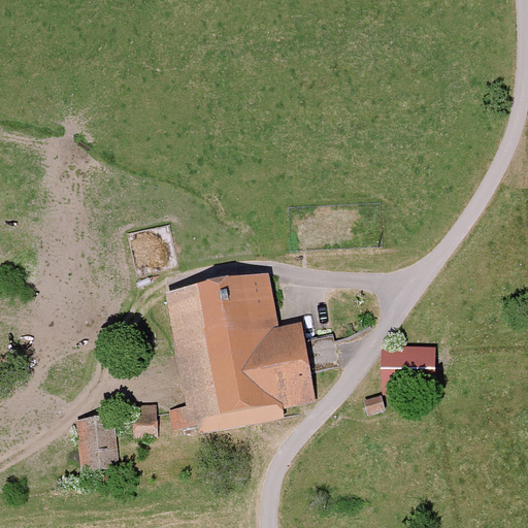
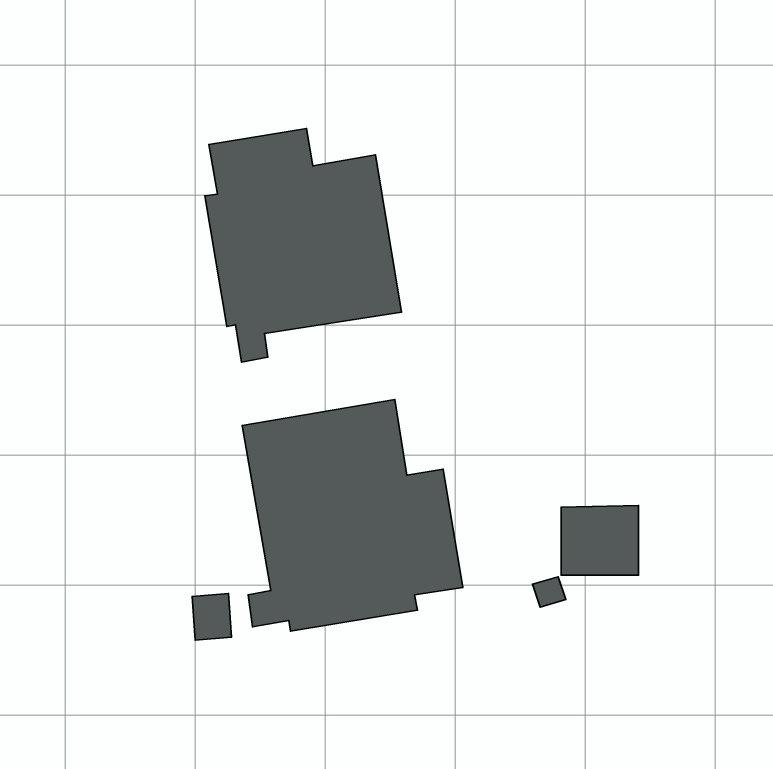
building: none -> [205,128,401,362]
building: [77,418,119,471] -> none

